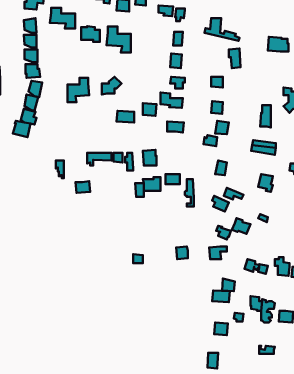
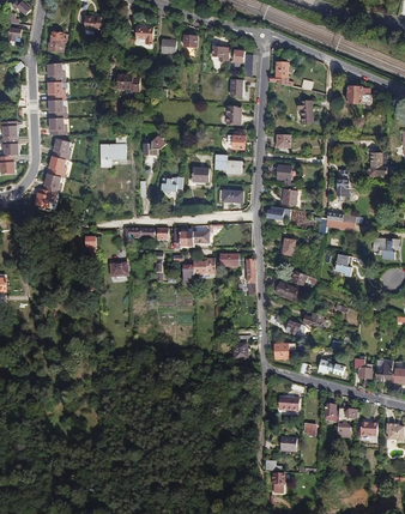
building: [50,8,75,29] -> none
building: [107,26,131,53] -> none

